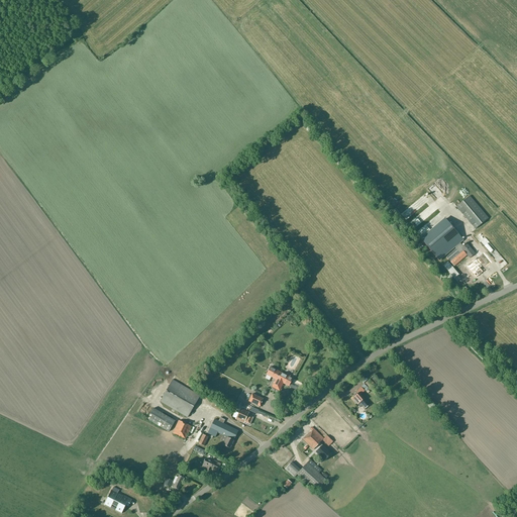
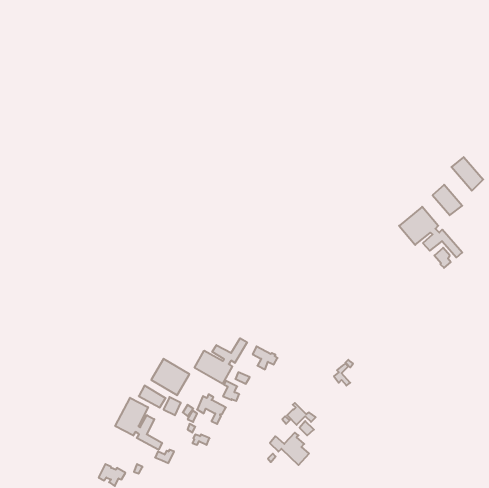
building: none -> [451,157,483,191]
building: none -> [195,338,247,384]
building: none -> [115,398,162,450]

